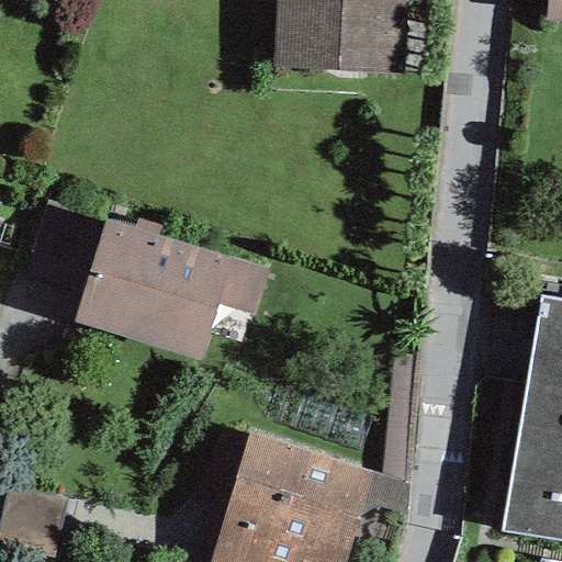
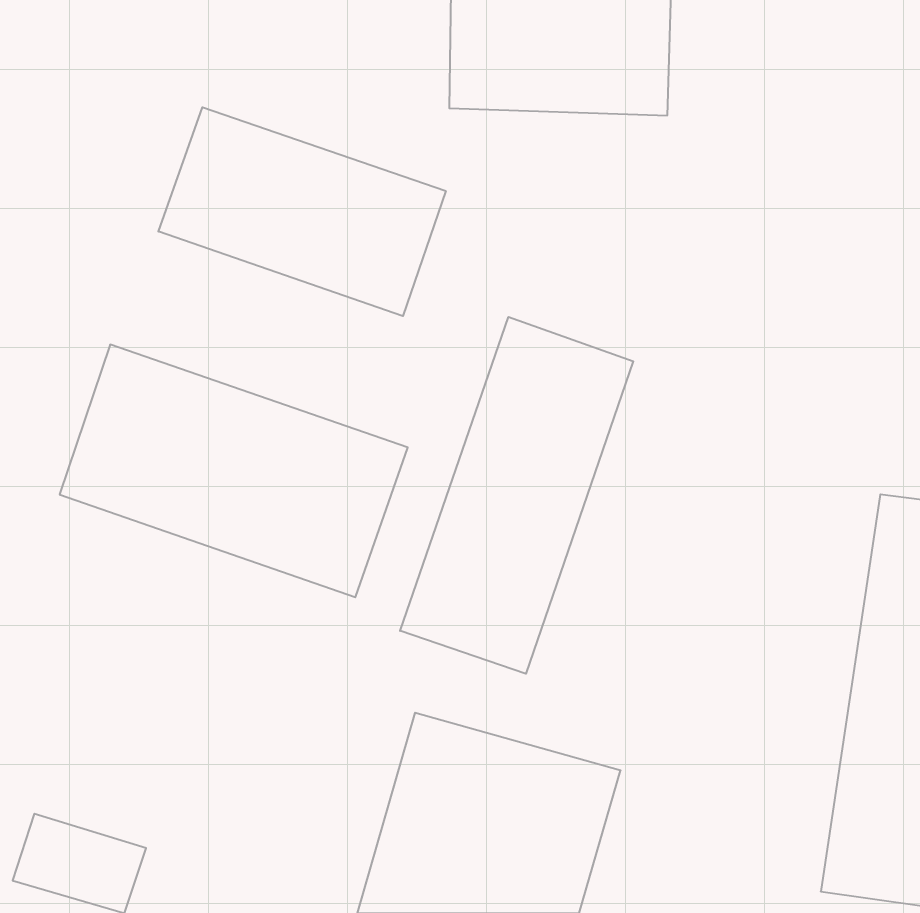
building: none -> [158,107,446,316]
building: none -> [400,317,633,674]

